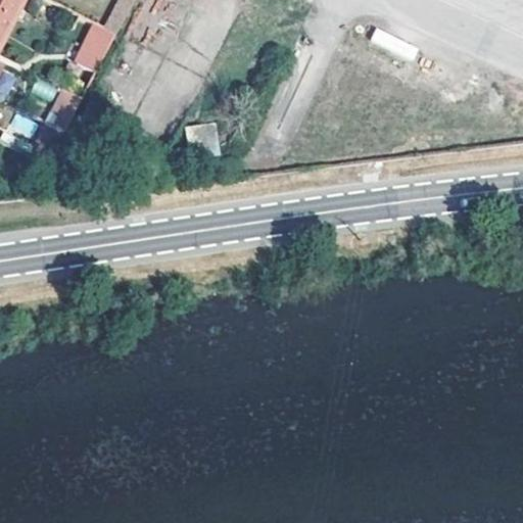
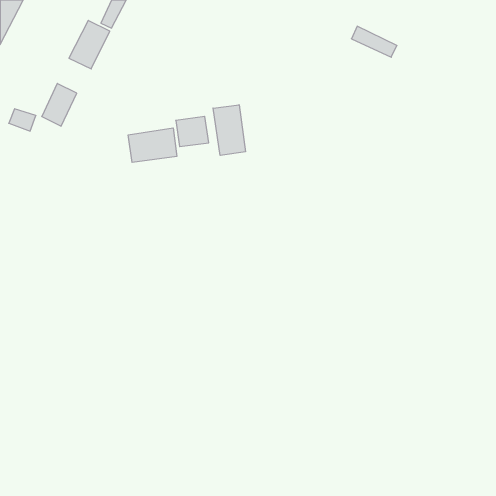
building: none -> [213,105,245,155]
building: none -> [128,128,177,162]

